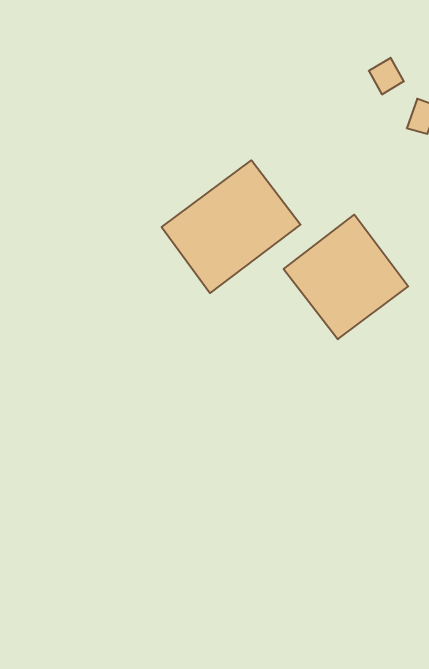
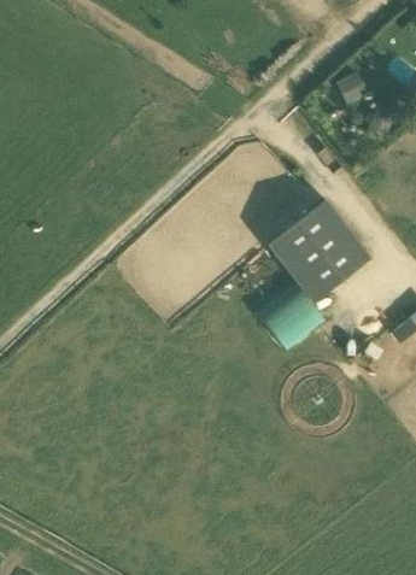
building: [162,160,301,293] -> none

